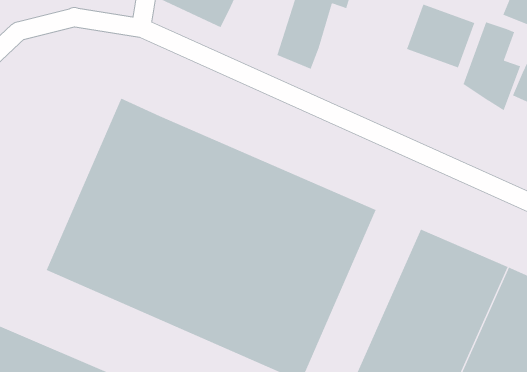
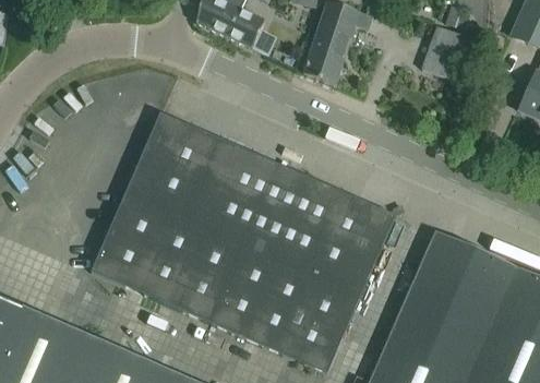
building: [463,21,521,111] -> none

